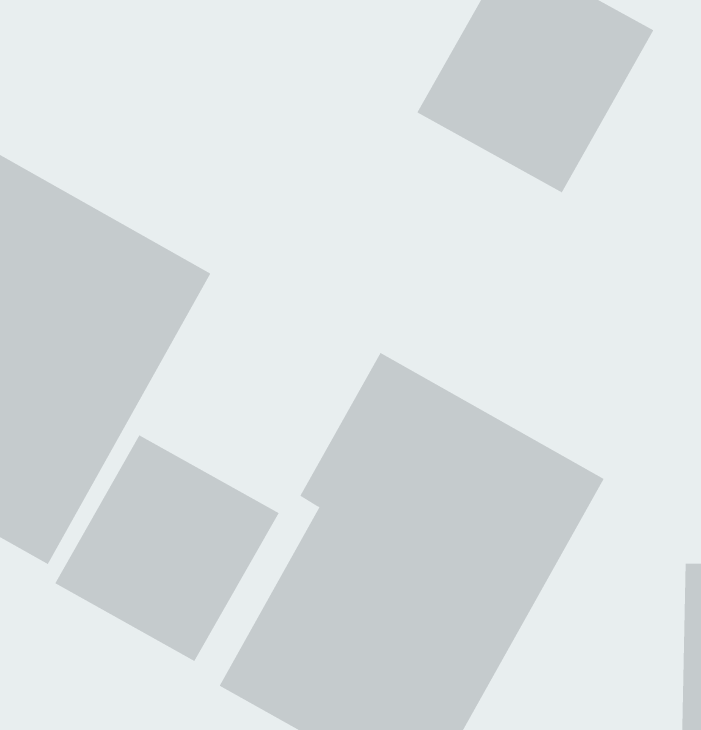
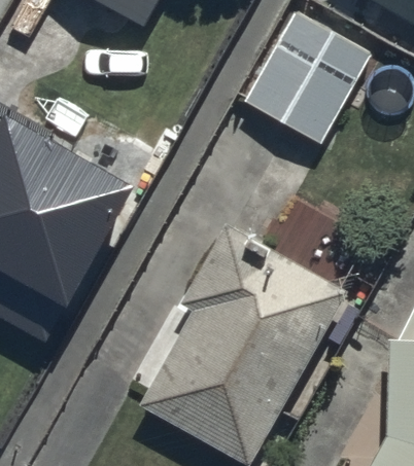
building: [54,435,279,662] -> none

